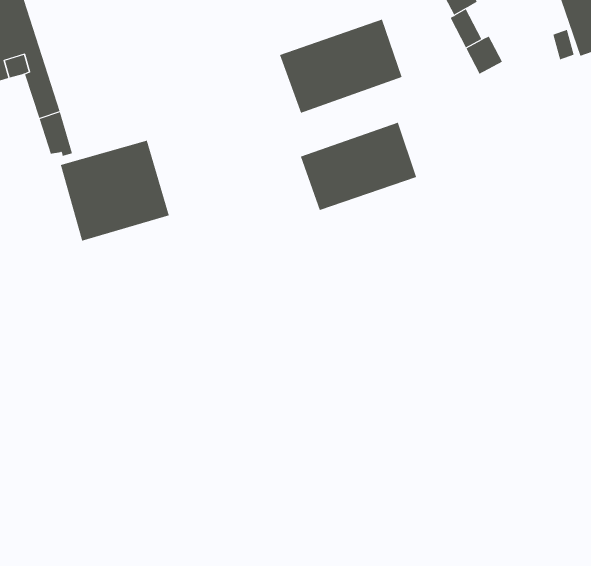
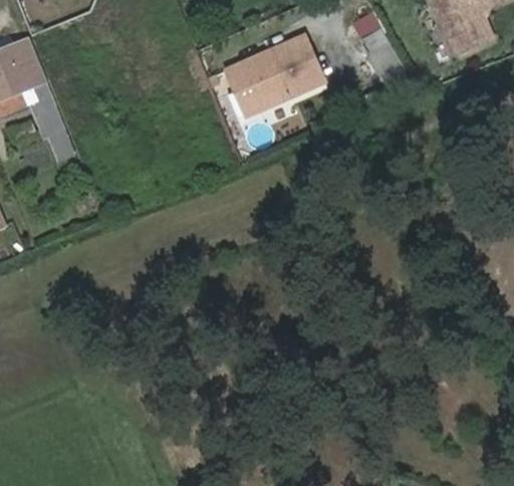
building: [300,122,417,211] -> none
building: [60,140,170,241] -> none

